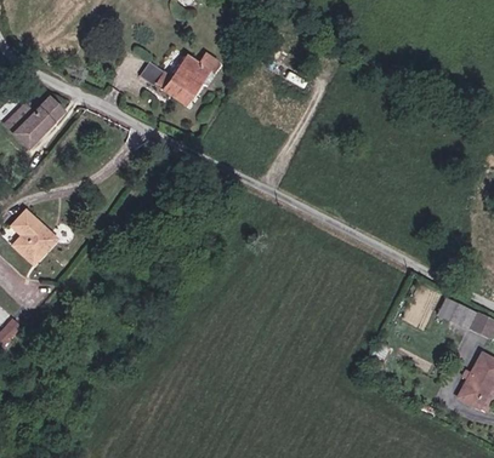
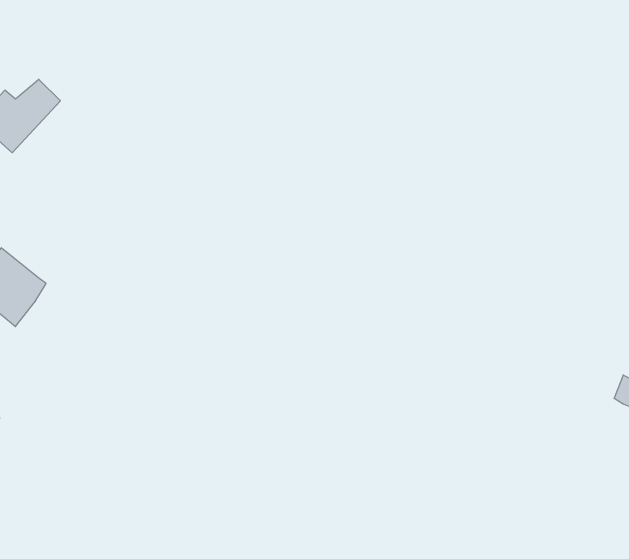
building: [160,52,216,101] -> none

